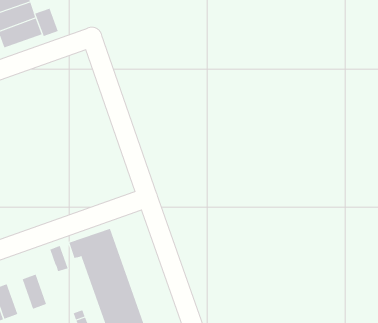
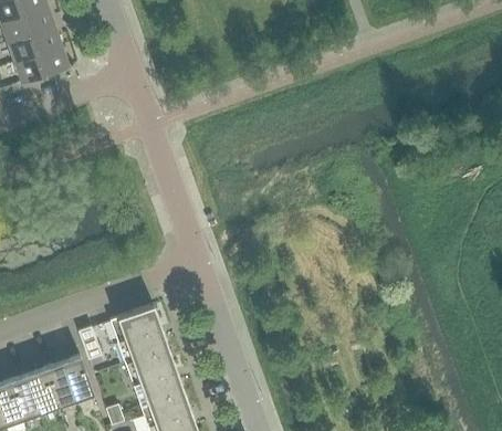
building: [35,8,58,37] -> none
building: none -> [62,355,93,399]
building: none -> [27,368,57,411]

